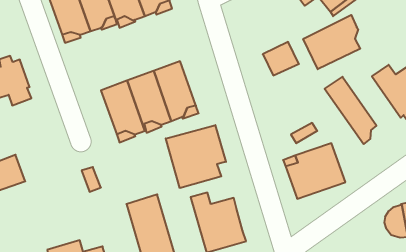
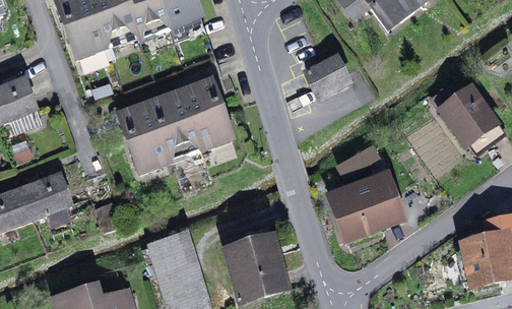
building: [303,15,360,69] -> none
building: [325,77,376,144] -> none
building: [166,125,226,188] -> none
building: none -> [20,174,71,219]

